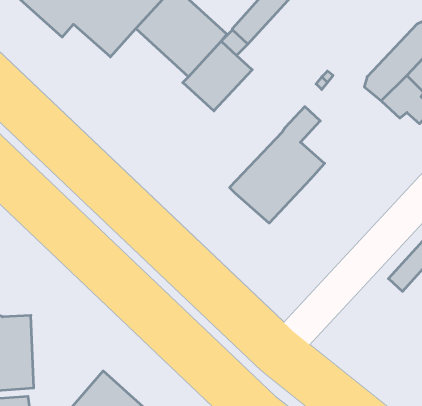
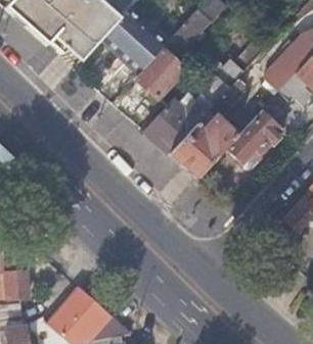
building: none -> [145,76,230,153]
building: none -> [227,110,282,161]

